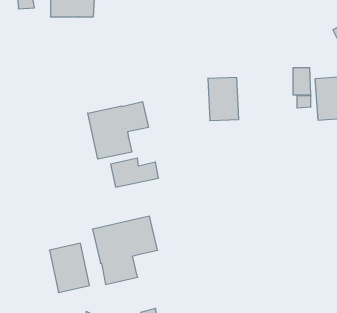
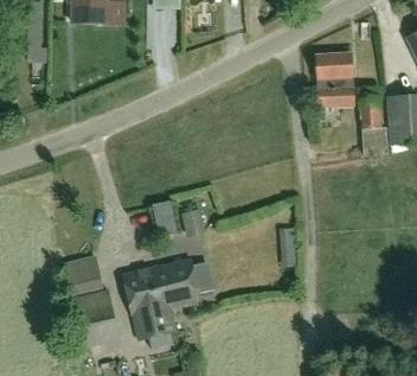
building: [208,78,239,121] -> [316,55,353,106]
building: [88,102,149,159] -> none
building: none -> [63,256,102,293]

